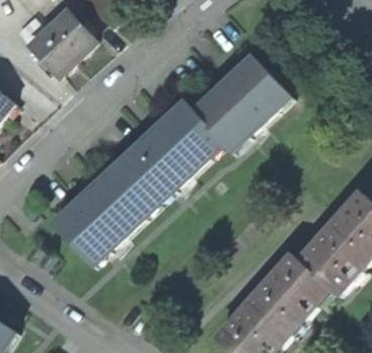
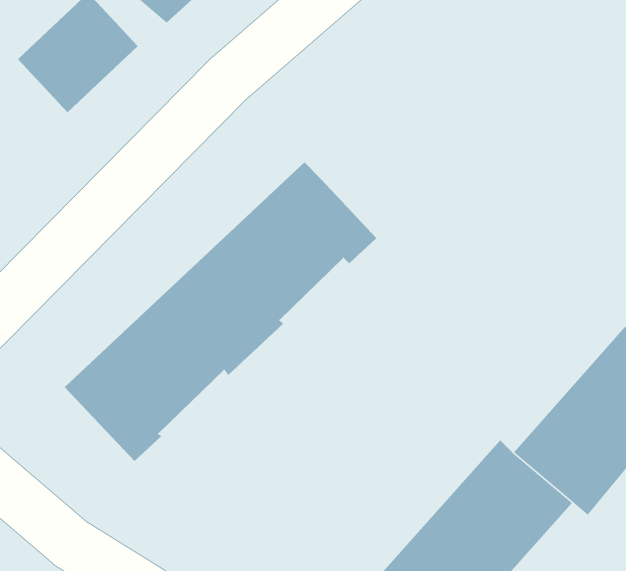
building: [195,59,291,153] -> none

